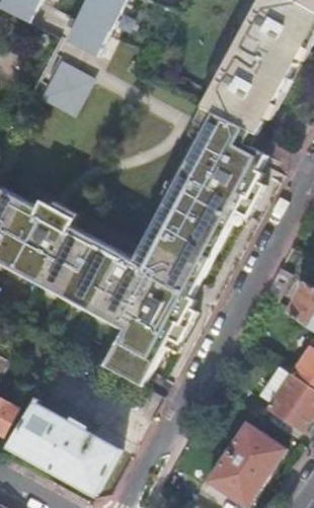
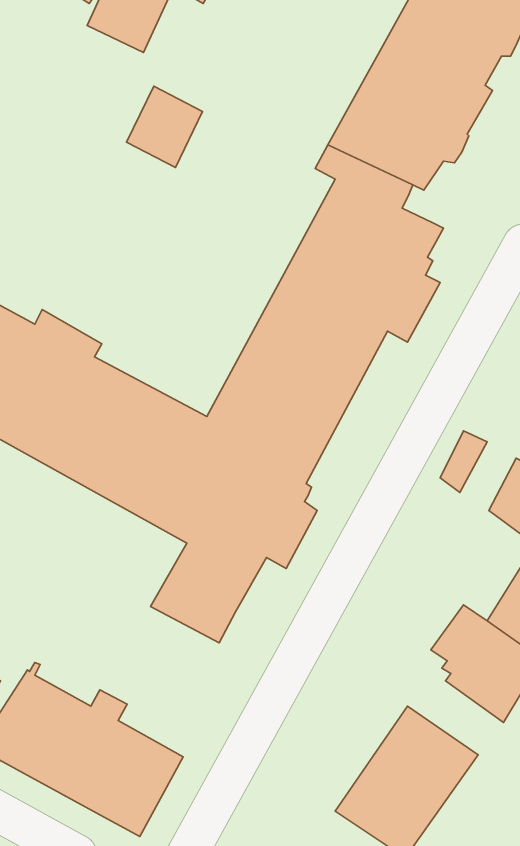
building: [45,65,87,110] -> [127,86,203,168]

